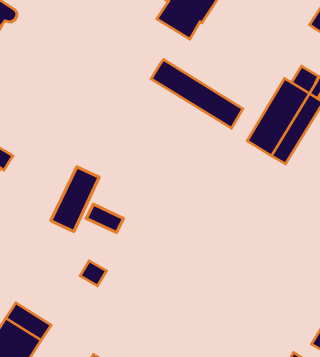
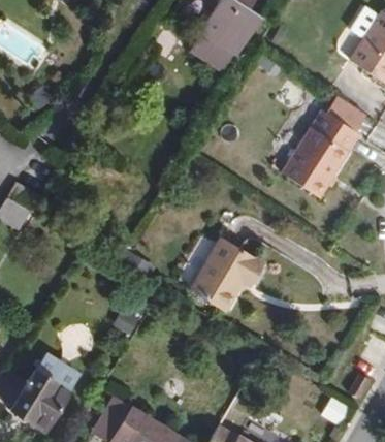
building: [151,59,243,128] -> none
building: [51,167,99,232] -> none
building: none -> [191,231,263,303]

